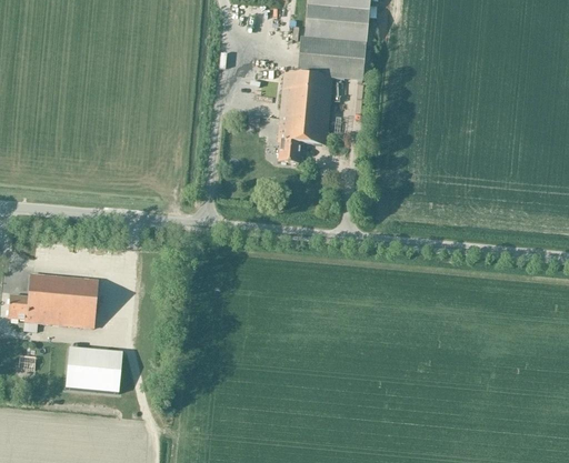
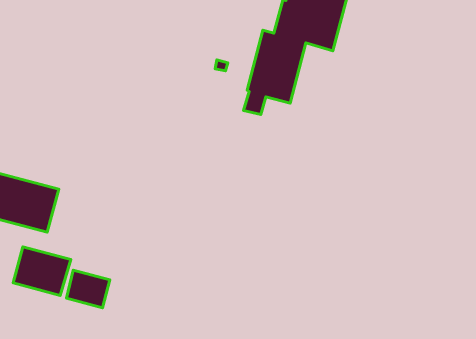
building: none -> [66,270,110,308]

